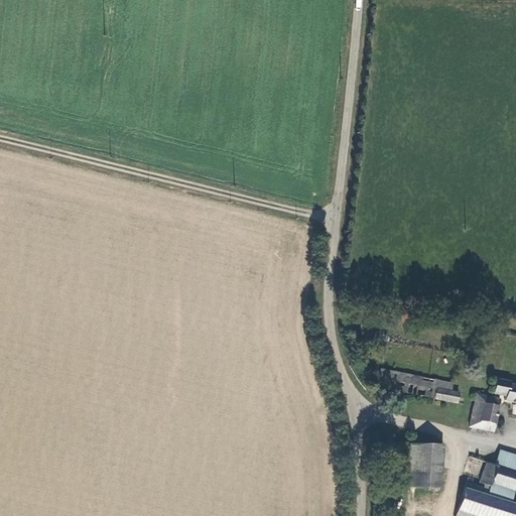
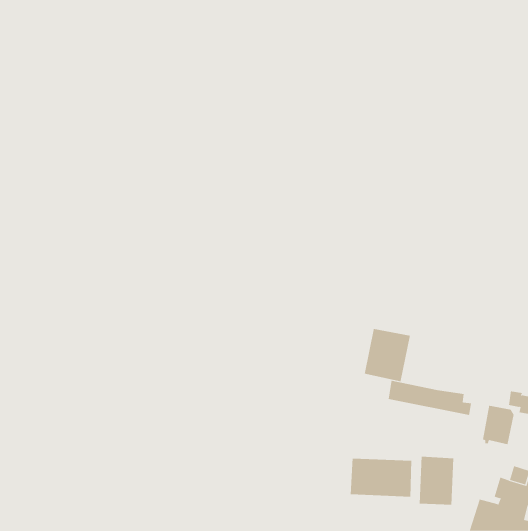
building: none -> [364,328,410,382]
building: none -> [350,458,412,497]

